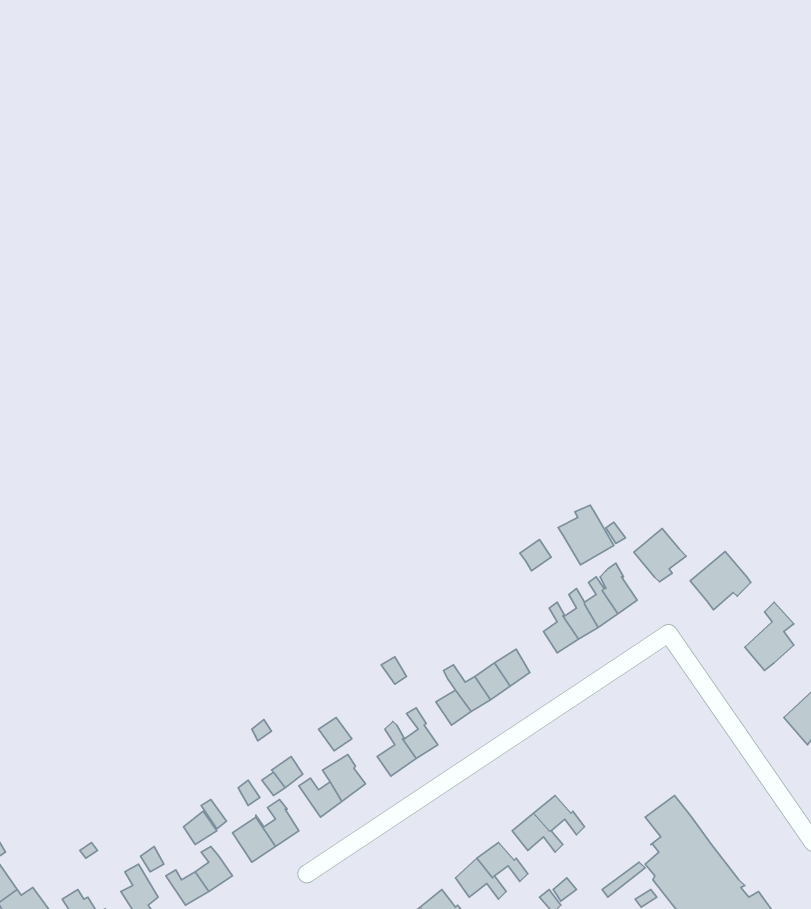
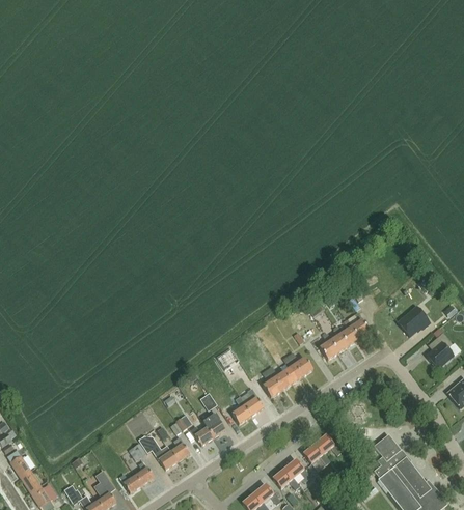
building: [558,505,614,565] -> none
building: [634,529,686,582] -> none

